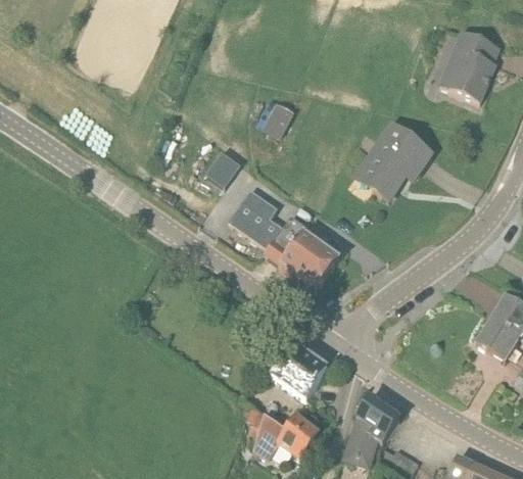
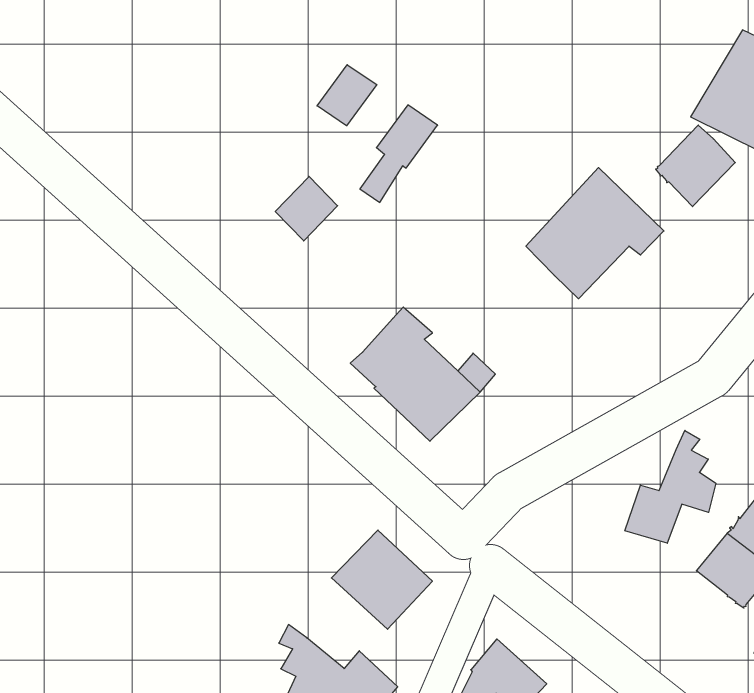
building: none -> [317,65,377,126]
building: none -> [656,125,735,207]
building: [233,186,285,245] -> none
building: none -> [625,430,716,543]

